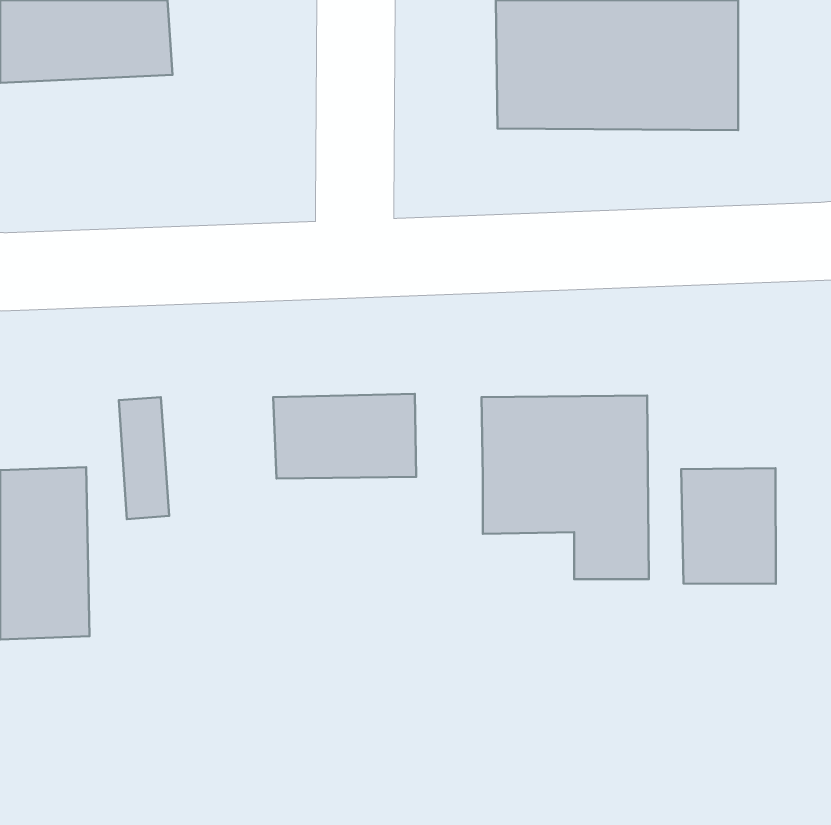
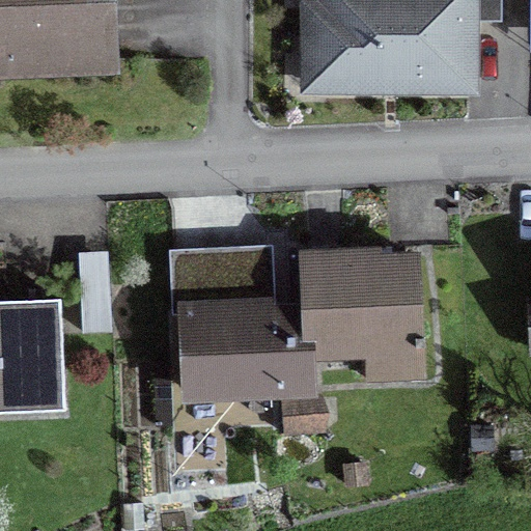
building: [681,468,776,584] -> none
building: none -> [176,308,308,388]

